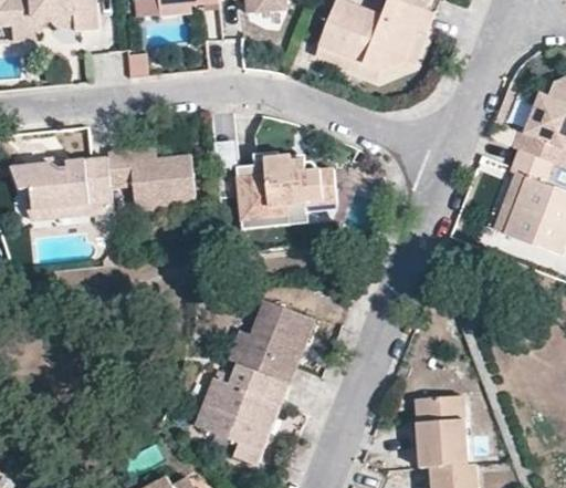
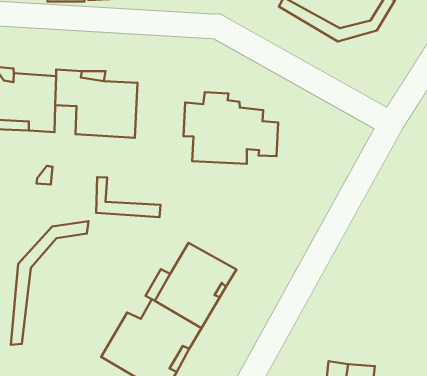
building: [241,196,308,232] -> [96,177,160,217]
building: none -> [11,221,89,345]

